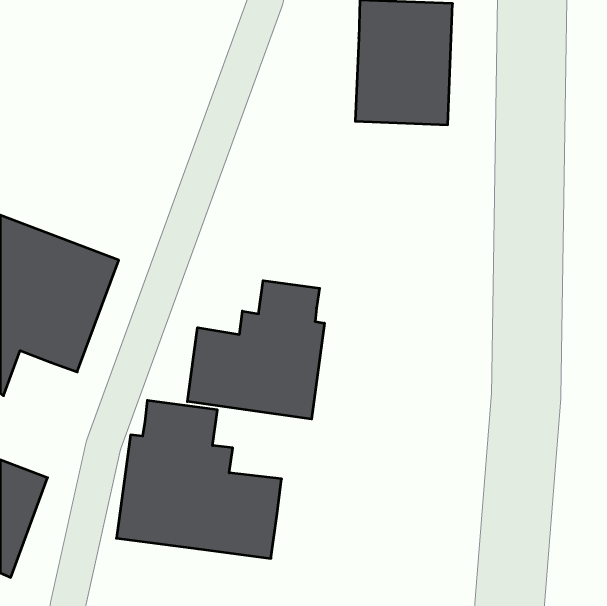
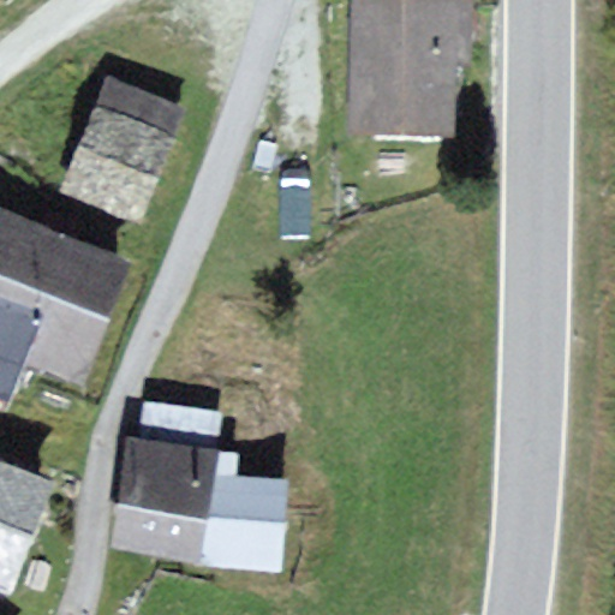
building: none -> [68,82,177,211]
building: [187,281,324,419] -> none

